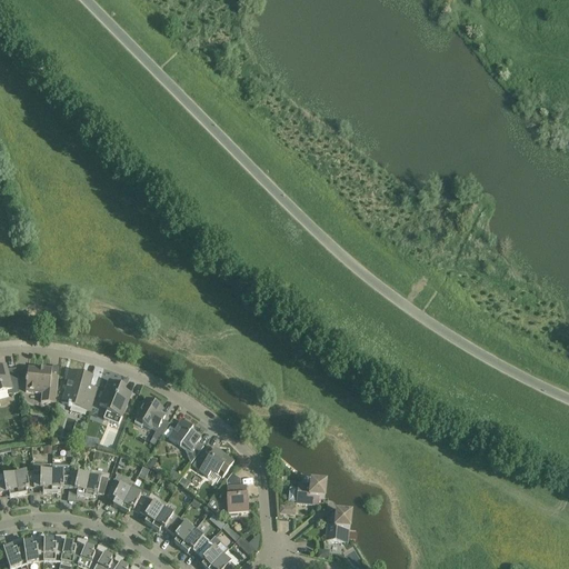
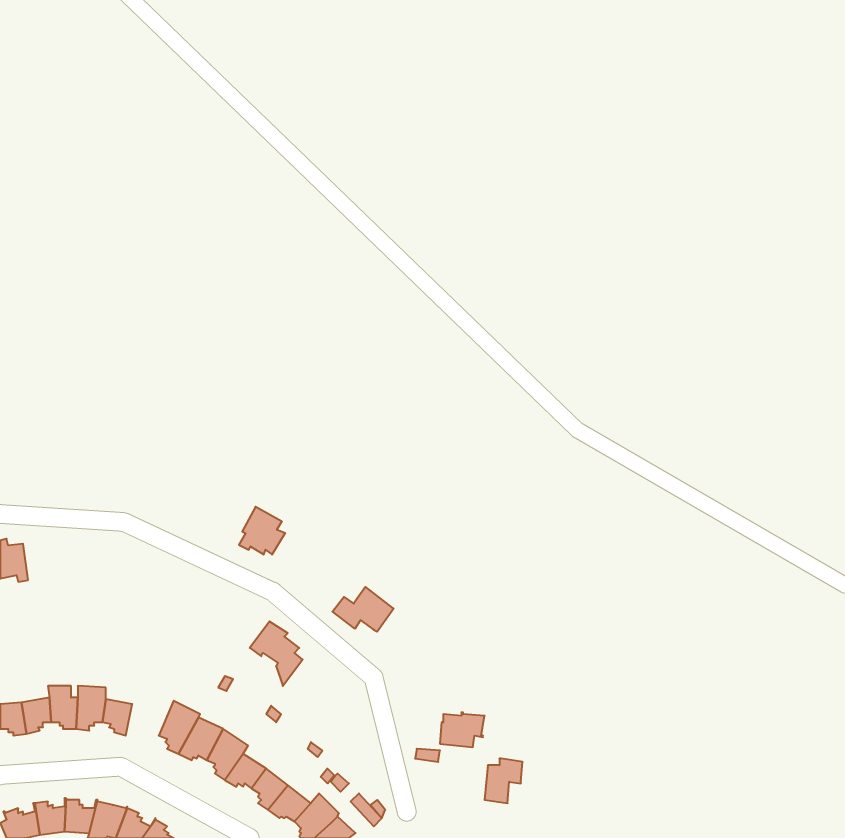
building: [26,363,58,400] -> none
building: [62,367,97,408] -> none
building: [99,379,130,421] -> none
building: [134,395,166,427] -> [239,507,285,555]
building: [192,446,233,476] -> [332,587,394,632]
building: [84,467,109,497] -> none
building: [226,483,248,513] -> none

